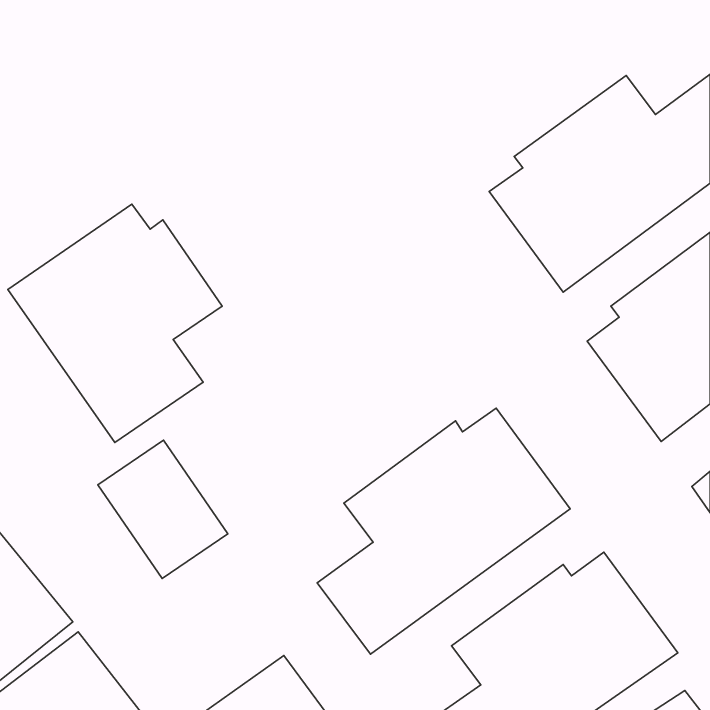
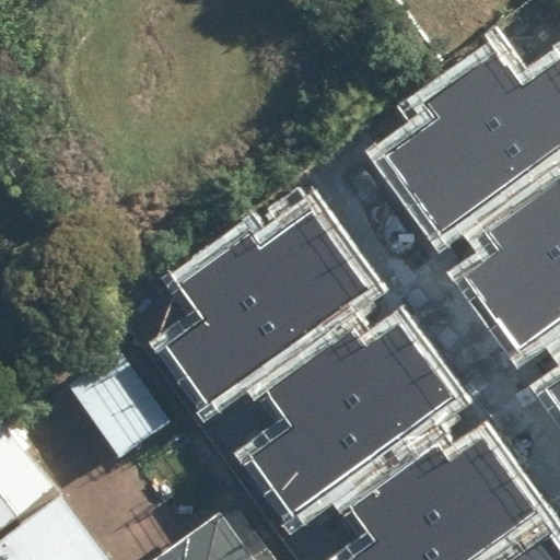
building: [8,204,222,442] -> none
building: none -> [160,215,357,408]

